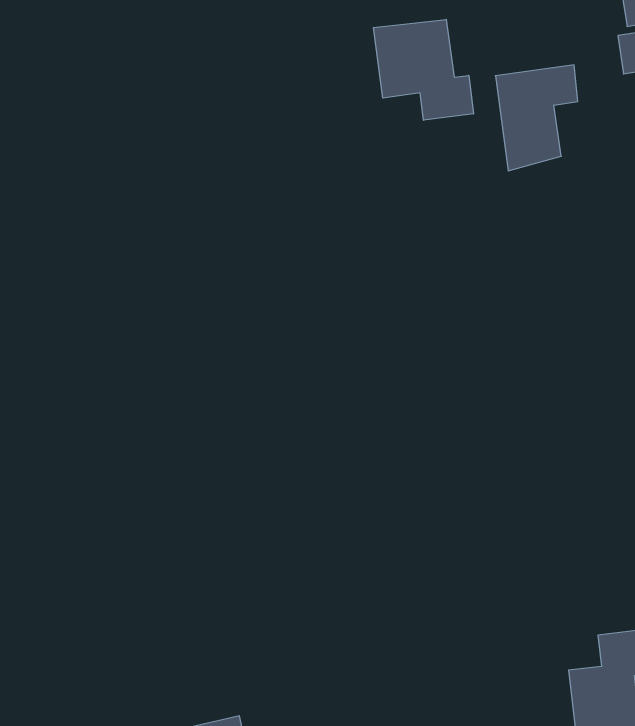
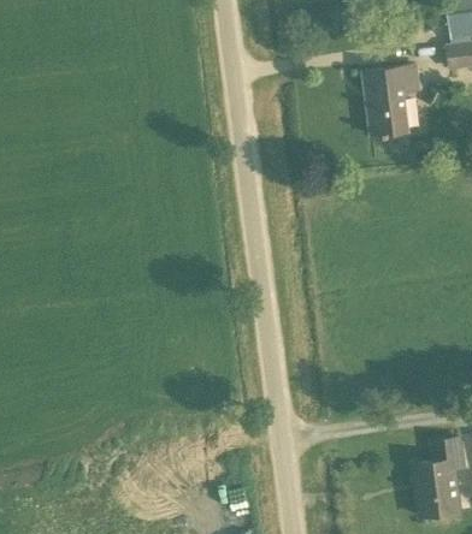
building: [373,19,473,120] -> none

